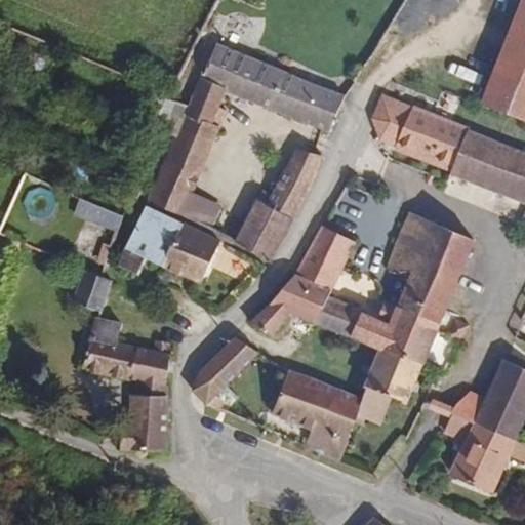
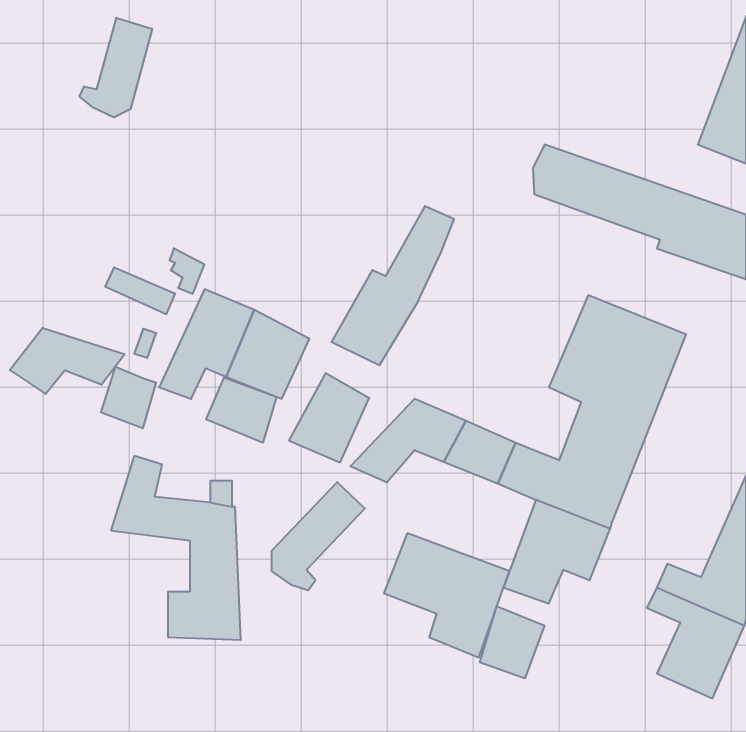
building: none -> [80,18,152,117]
building: [146,41,345,223] -> none
building: none -> [10,328,125,394]
building: [291,233,348,295] -> [289,373,369,462]
building: none -> [206,377,276,443]
building: none -> [480,606,544,678]

